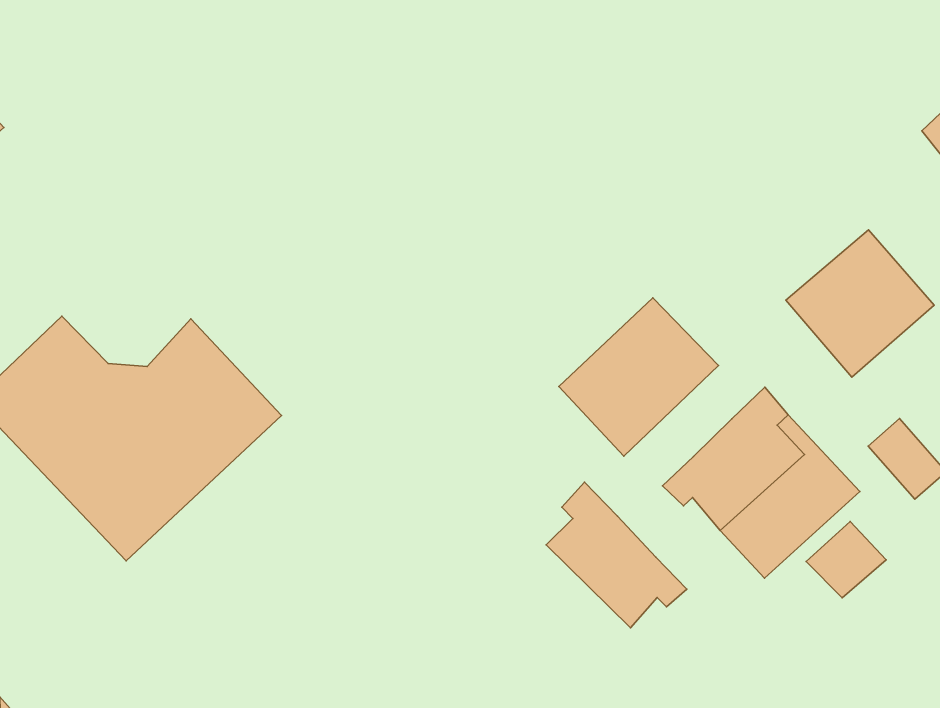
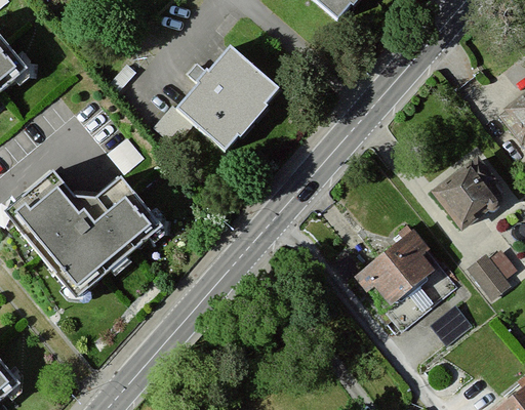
building: none -> [173,42,275,146]
building: [559,298,718,456] -> none
building: [546,482,687,628] -> none

